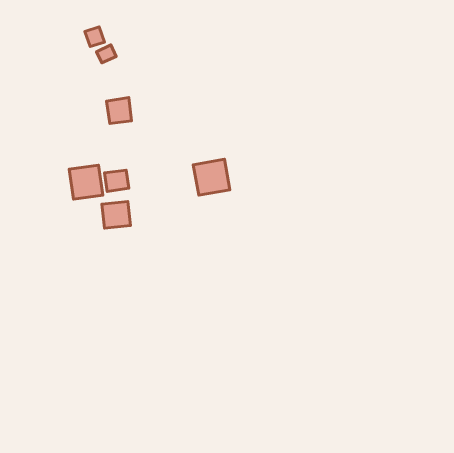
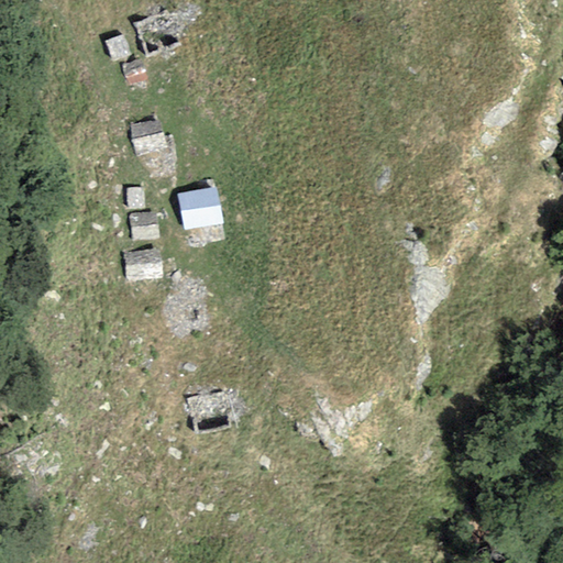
building: [193,159,230,195] -> [177,186,222,230]
building: [69,165,103,199] -> none

